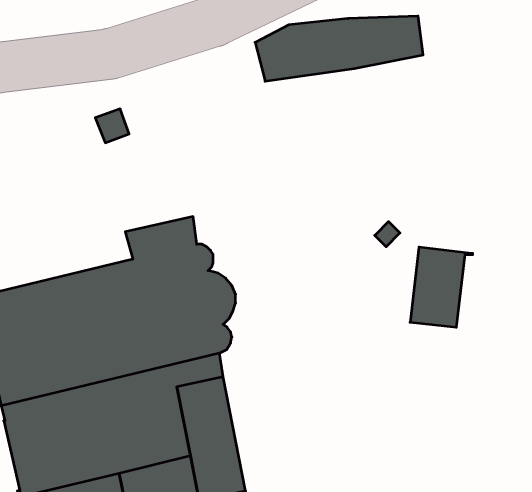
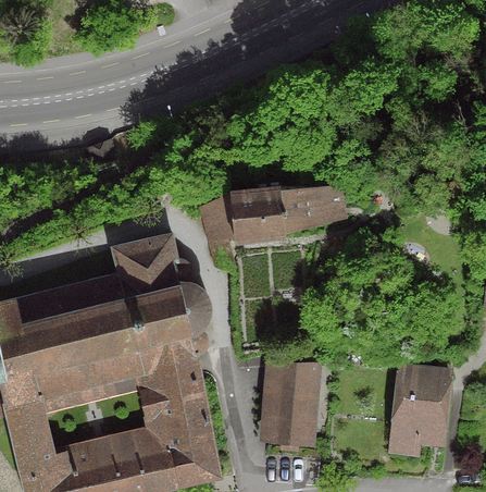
building: [255,16,423,81] -> [199,188,345,245]
building: [410,247,473,327] -> [395,372,449,442]
building: none -> [269,362,315,446]

